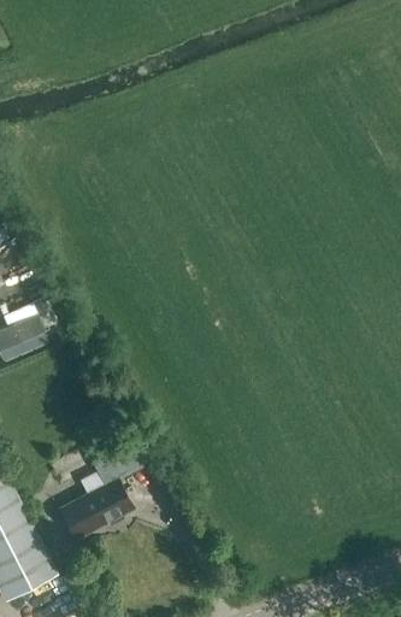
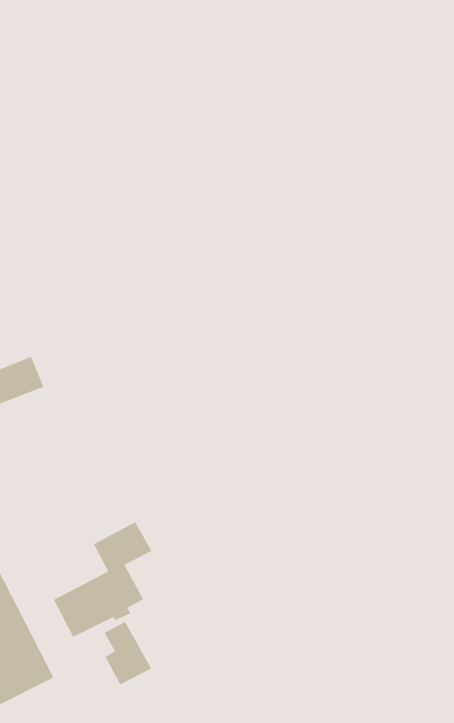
building: none -> [104,621,152,686]

